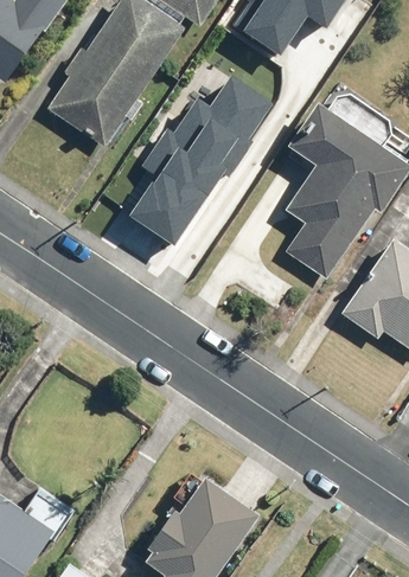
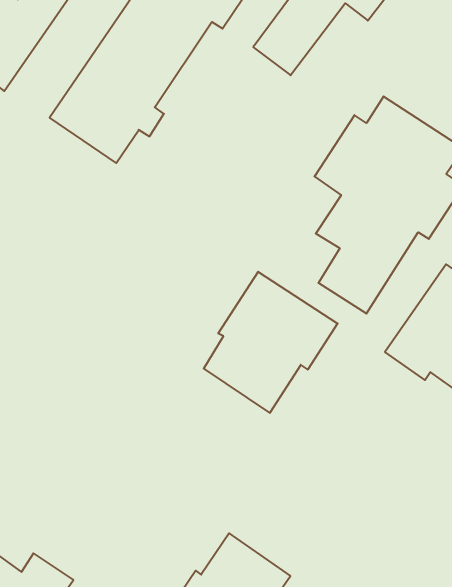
building: [138,73,275,238] -> none
building: none -> [204,272,338,413]

